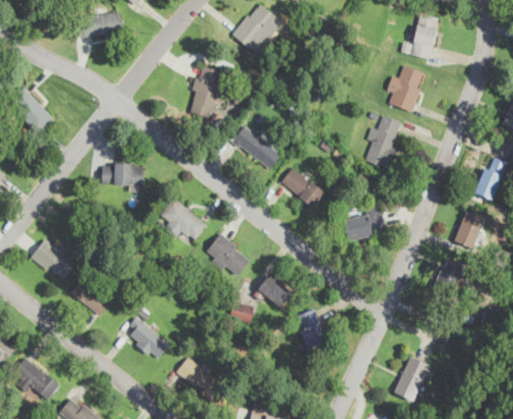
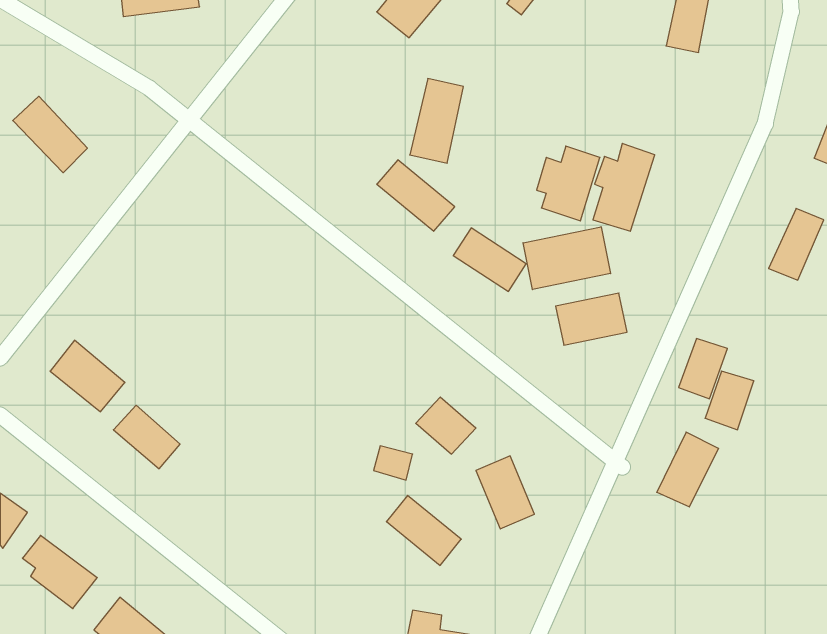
building: [387,66,426,112] -> [537,146,600,221]
building: [189,67,222,119] -> [410,79,463,163]
building: [102,164,142,185] -> none
building: none -> [523,227,611,290]
building: [161,198,208,245] -> none
building: [455,211,485,248] -> [679,339,727,399]
building: [207,233,252,276] -> none
building: [123,318,170,360] -> none
building: [393,356,431,402] -> [657,432,719,507]
building: [176,357,222,400] -> [386,495,461,565]

